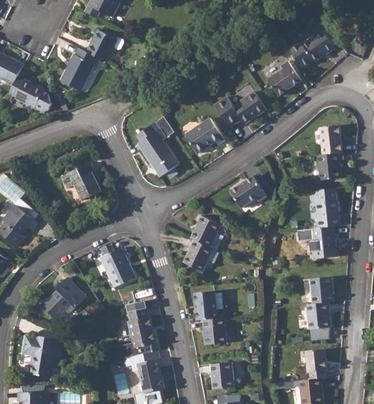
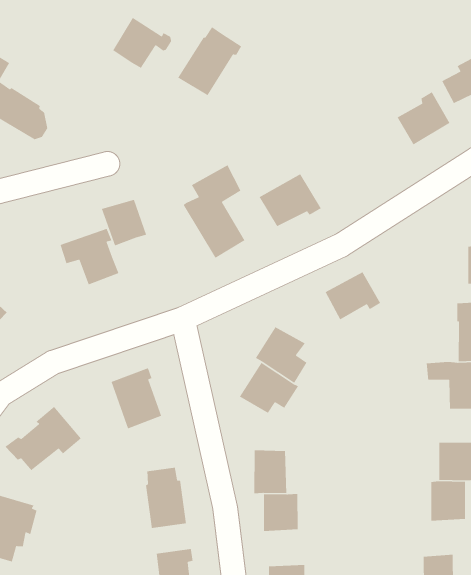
building: [60,47,99,91] -> [177,26,242,96]
building: [215,90,266,128] -> none
building: none -> [101,199,147,246]

